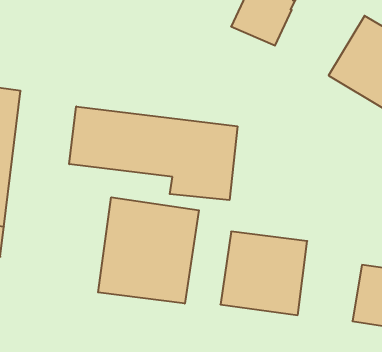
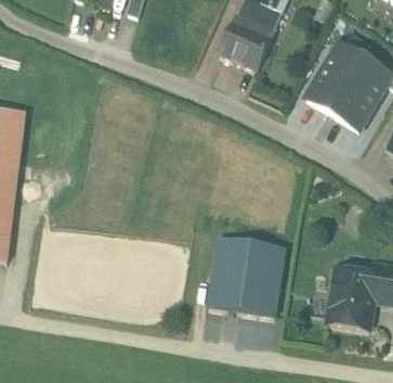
building: [69,106,237,200] -> none
building: [98,197,199,304] -> none

